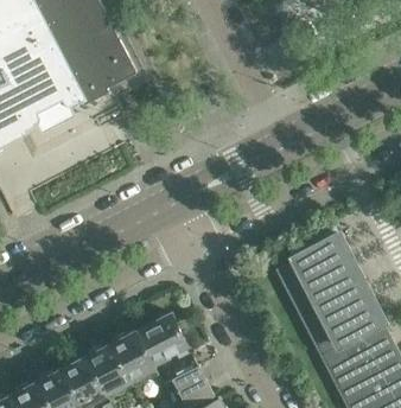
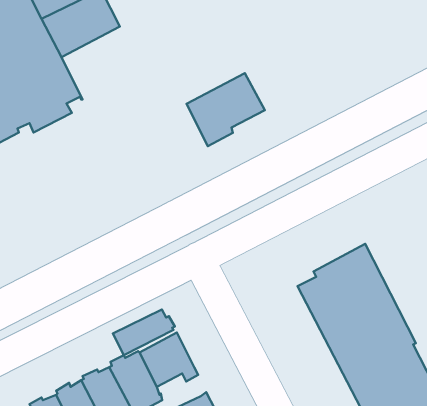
building: [68,38,138,103] -> [187,73,265,146]
building: none -> [113,309,175,355]

